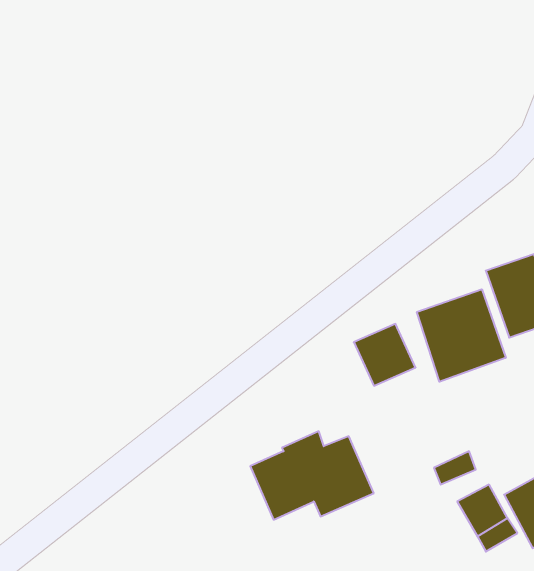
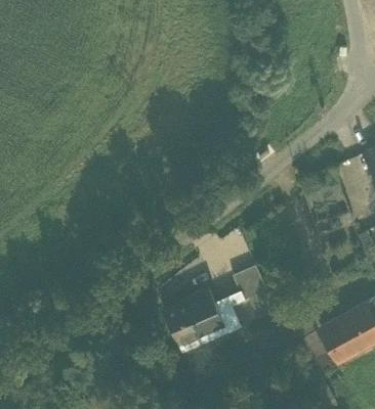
building: [417,289,506,382] -> none
building: [354,324,416,386] -> [231,267,268,305]

